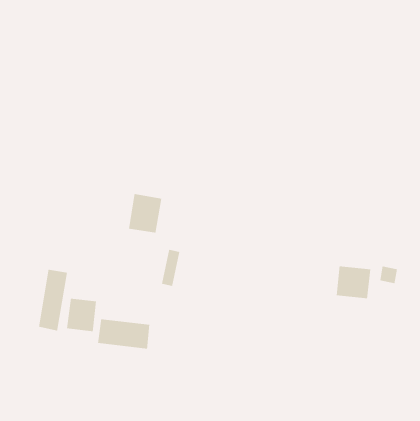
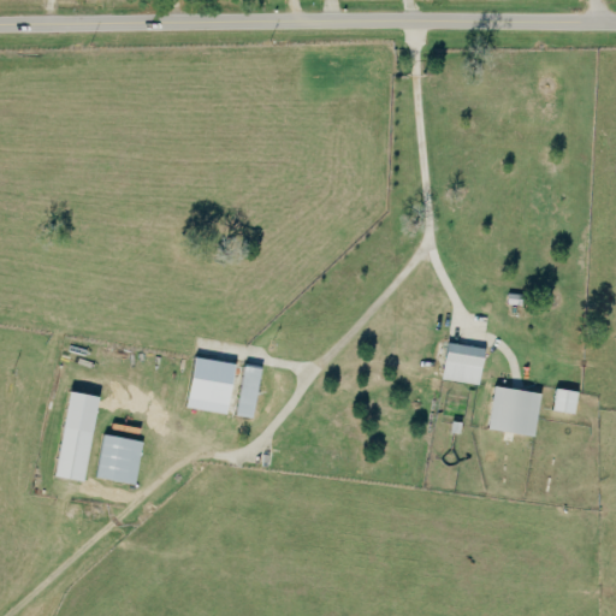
building: [128,193,162,233] -> [188,356,237,414]
building: none -> [442,343,485,384]
building: [98,319,150,350] -> none

